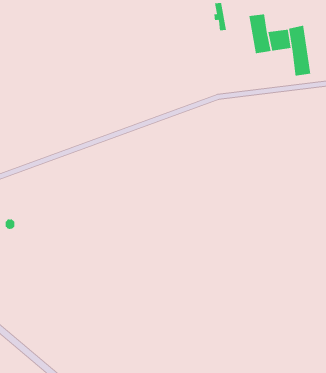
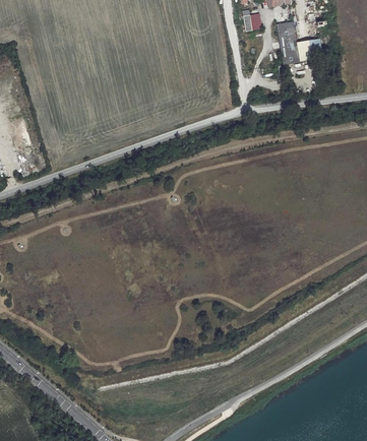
building: [288,25,311,76] -> none

